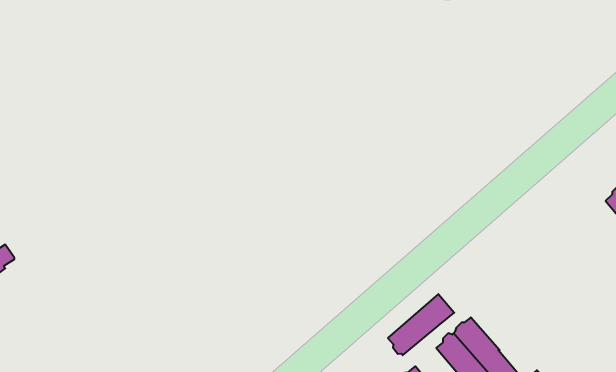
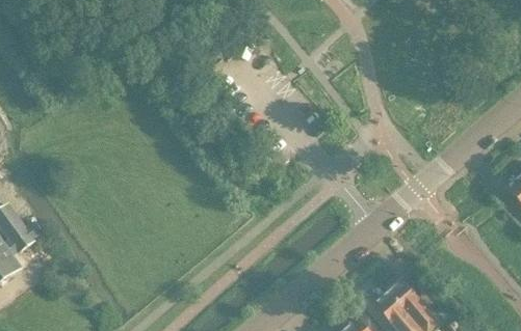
building: [388,294,454,355] -> none

